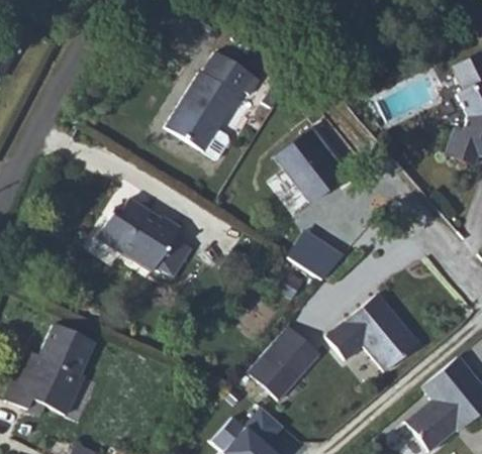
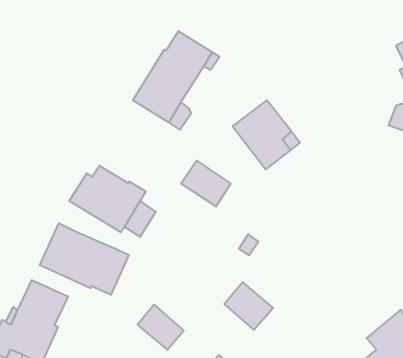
building: [290,230,345,280] -> [181,161,231,207]
building: none -> [40,223,129,295]
building: [326,294,419,371] -> none
building: [248,350,298,400] -> [138,305,184,350]

